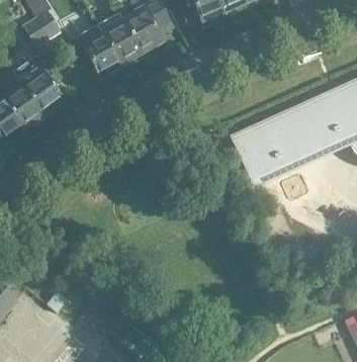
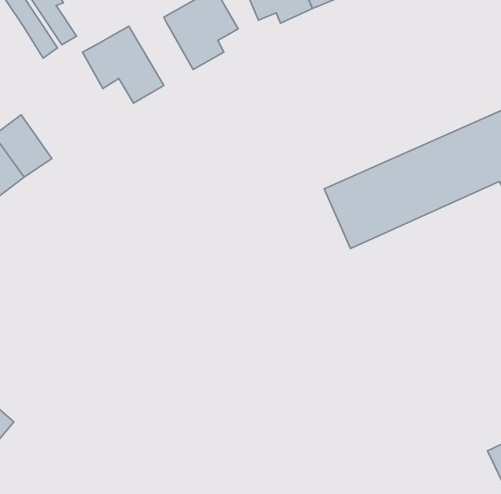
building: [97,12,142,66] -> none
building: [22,68,64,116] -> none

